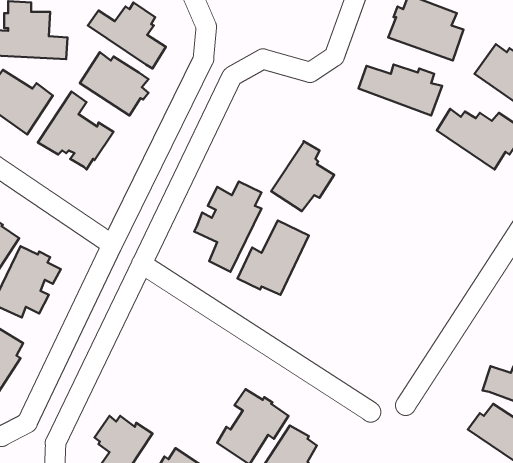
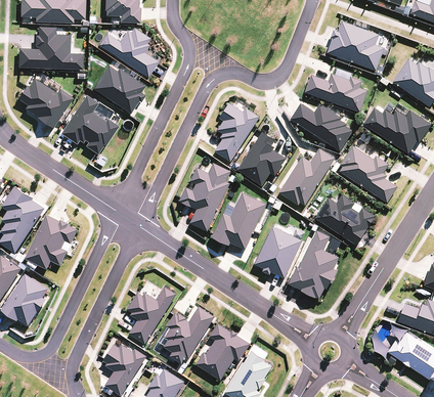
building: none -> [214,103,260,162]
building: none -> [291,104,352,151]
building: none -> [339,146,397,203]
building: none -> [278,149,335,206]
building: none -> [315,194,375,246]
building: none -> [254,227,302,278]
building: none -> [288,231,338,299]
building: none -> [128,284,177,342]
building: none -> [165,305,216,361]

